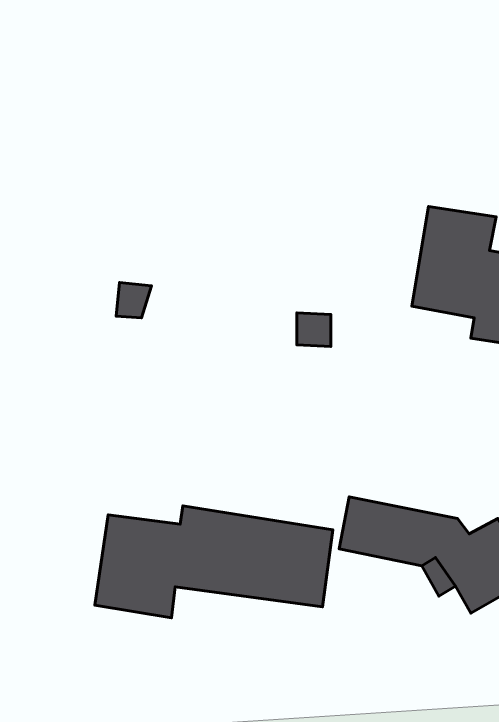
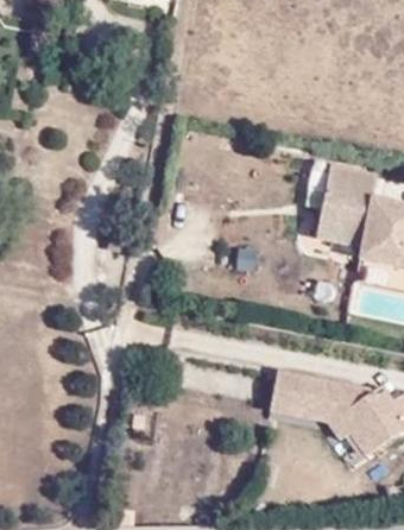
building: [95,506,333,618] -> none

